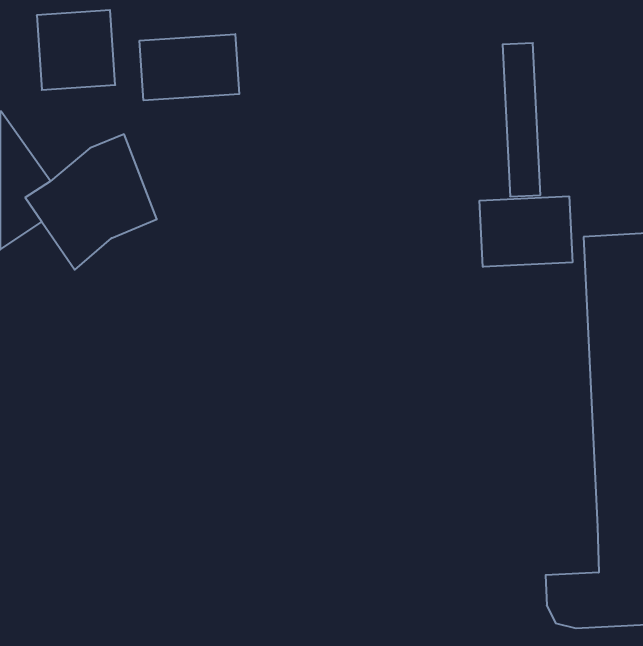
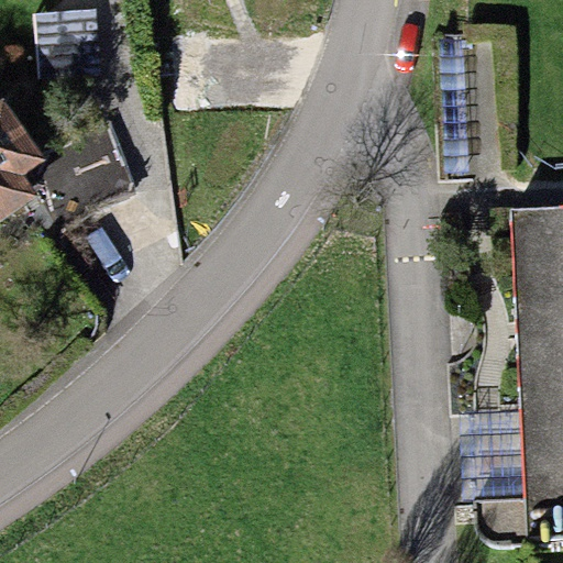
building: [140,34,239,100] -> none
building: [480,196,572,267] -> none

